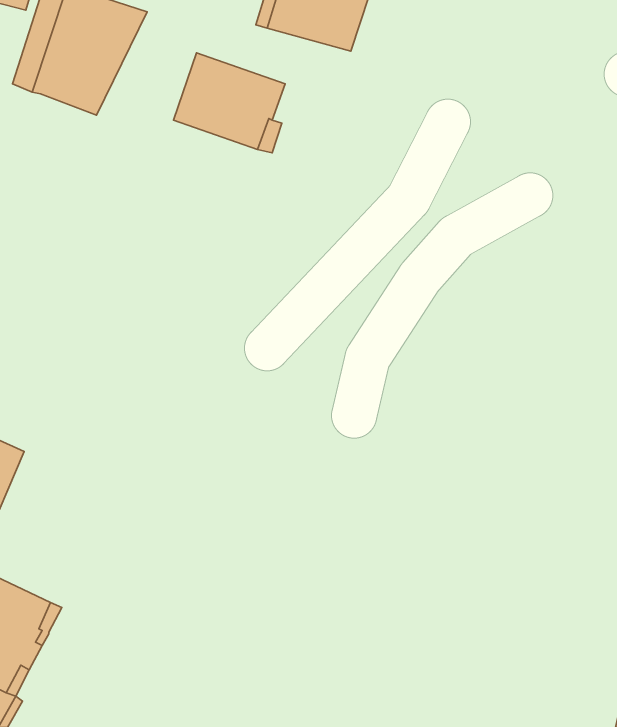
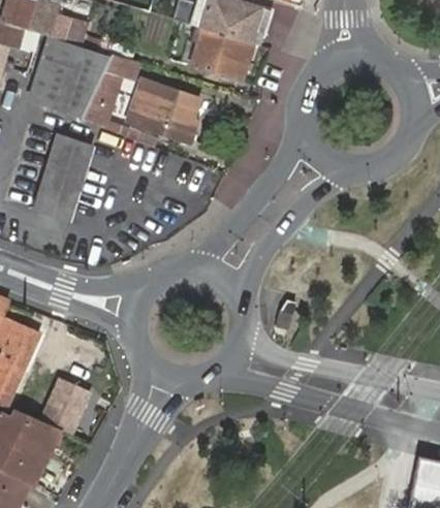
building: none -> [82,55,140,134]
building: none -> [34,132,95,221]
building: none -> [42,375,89,430]

